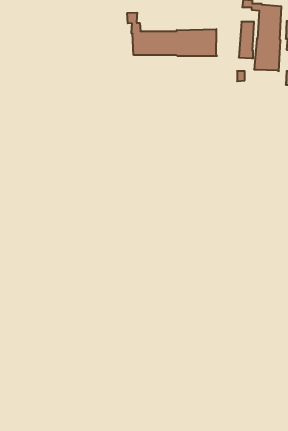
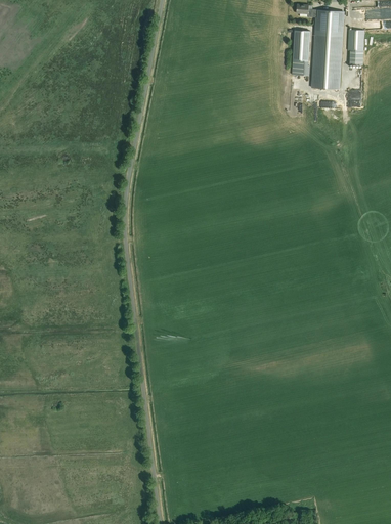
building: [127,13,217,56] -> none

